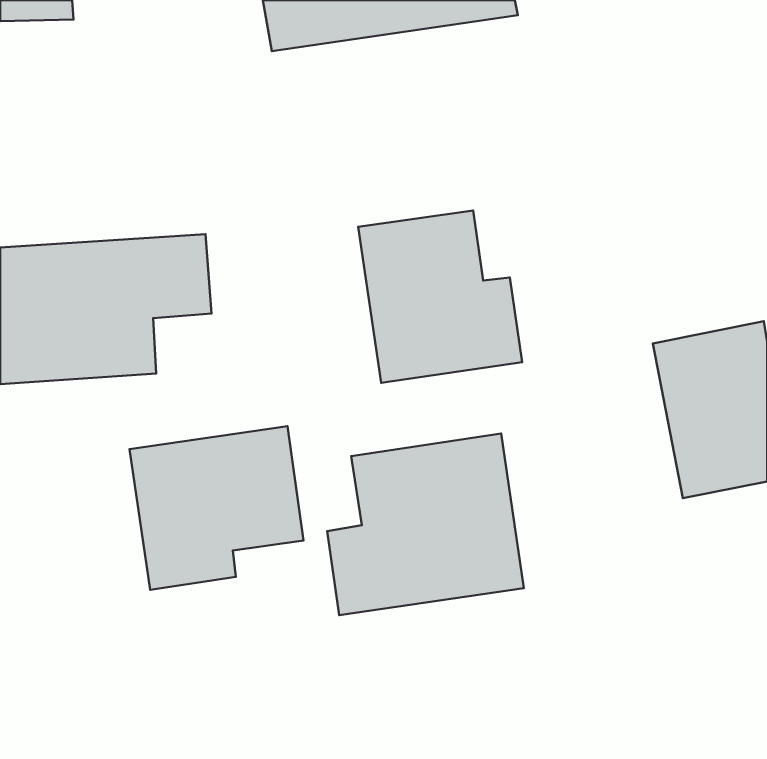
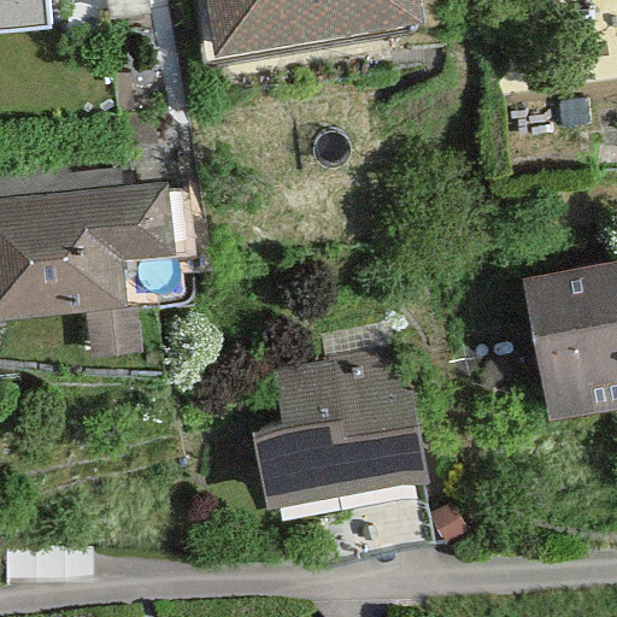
building: [358,211,522,383] -> none
building: [130,426,304,590] -> none

